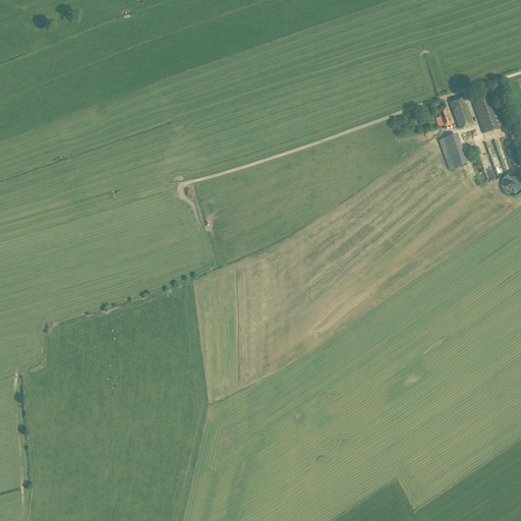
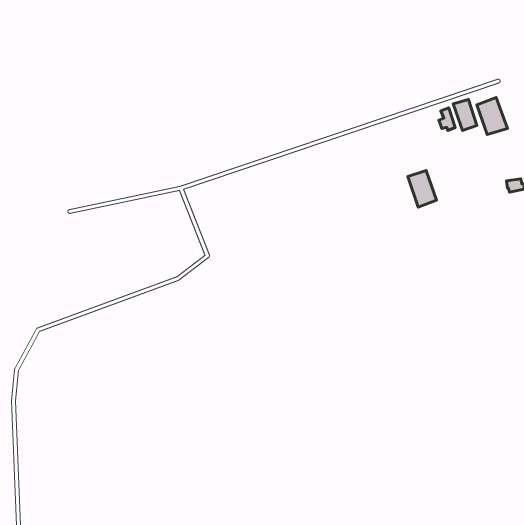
building: [438,133,466,170] -> [408,170,437,207]

